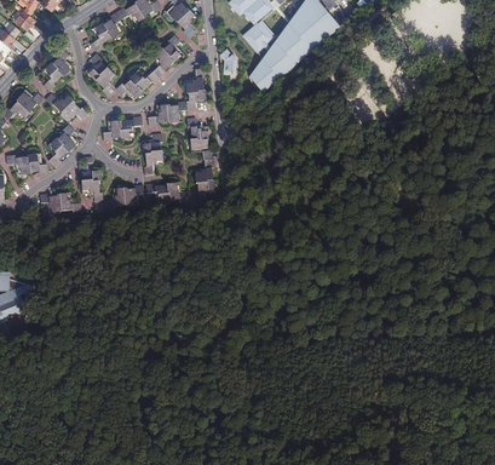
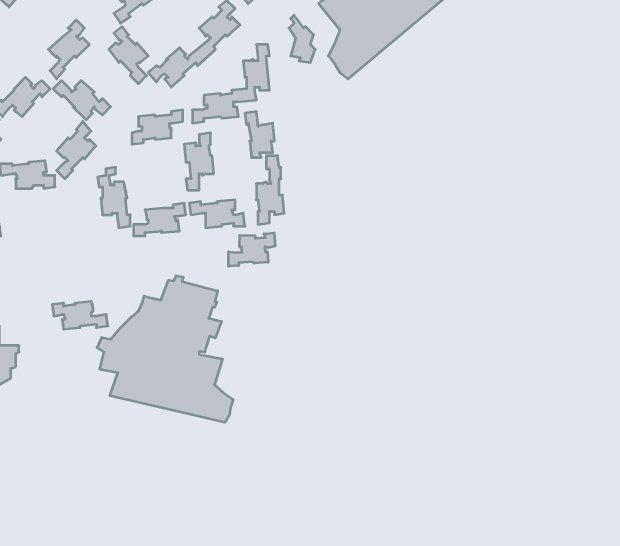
building: [39,191,80,212] -> [52,301,108,329]
building: none -> [229,233,275,266]
building: none -> [97,276,233,422]

